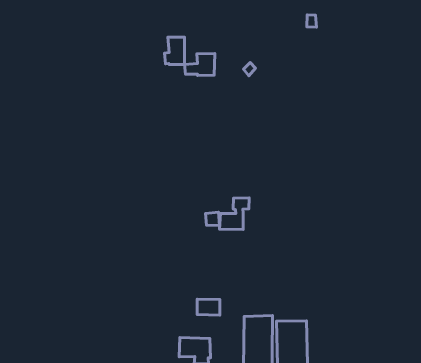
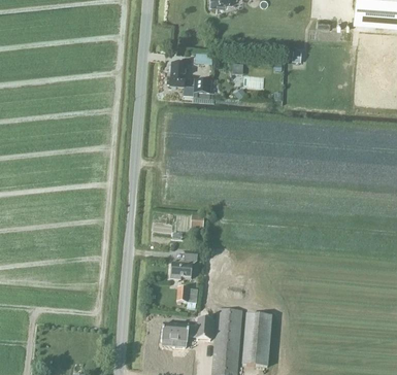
building: [219,198,249,229] -> [171,250,199,278]

